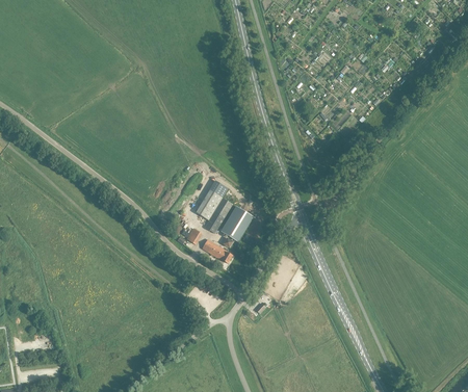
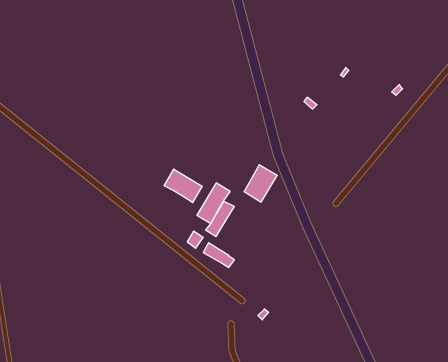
building: none -> [164,169,202,203]
building: [222,205,254,241] -> [244,165,277,202]

